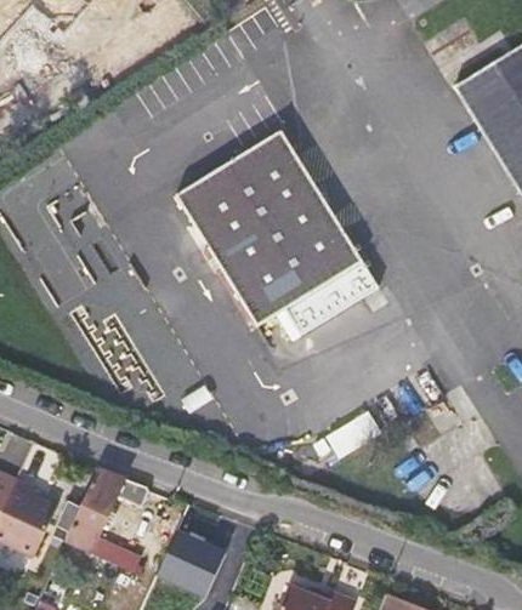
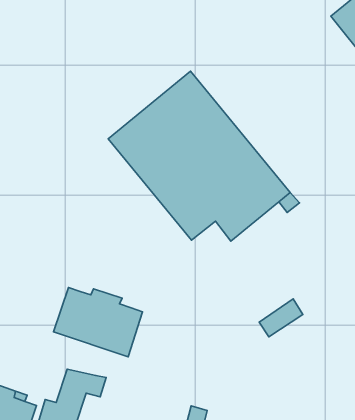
building: none -> [53,288,143,357]

